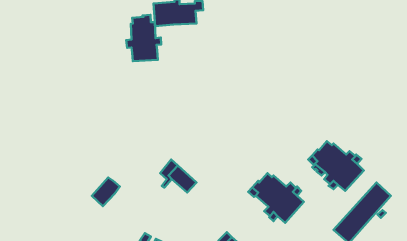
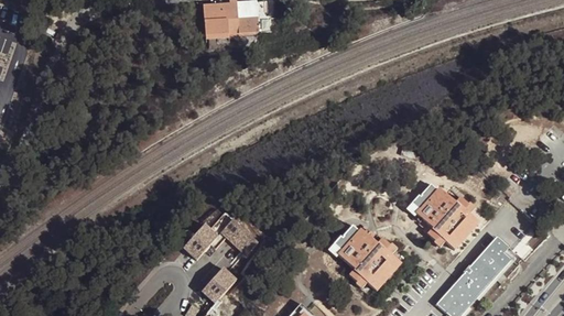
building: [126,15,161,61] -> none
building: [92,177,120,206] -> [185,222,221,260]
building: none -> [203,265,239,303]

